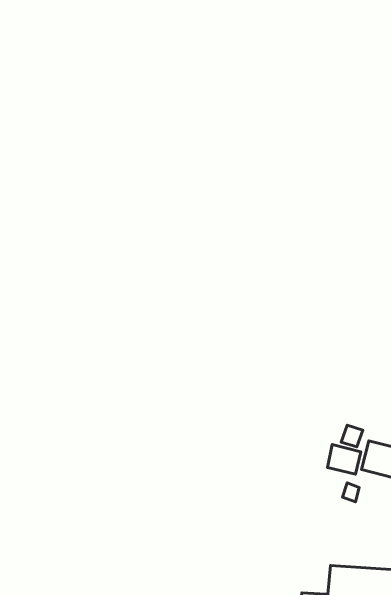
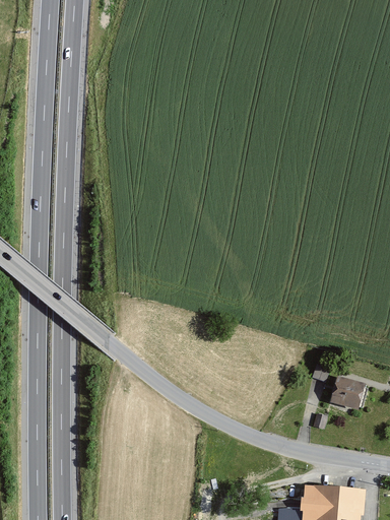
building: [327,445,361,474] -> none

